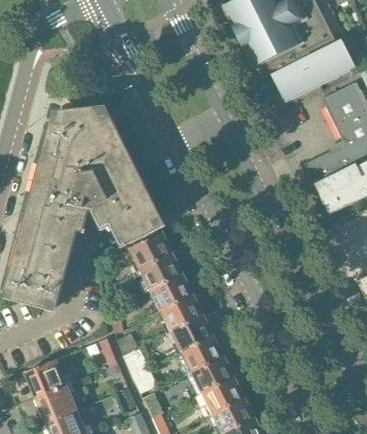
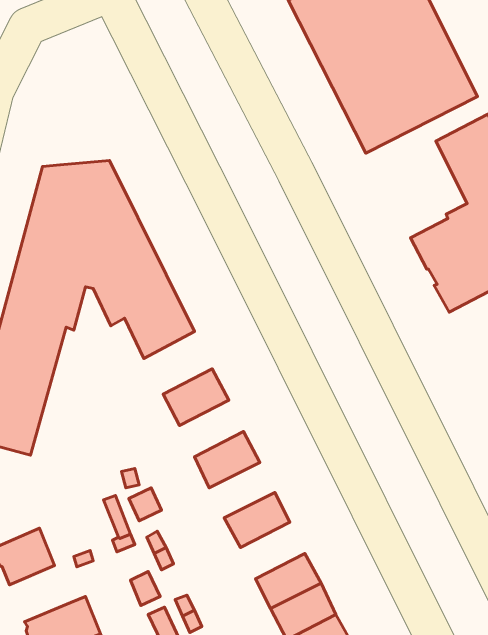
building: [129,231,172,269] -> none
building: [150,273,193,311] -> none
building: [170,315,214,352] -> none
building: [191,355,234,393] -> none
building: [36,384,77,422] -> none

